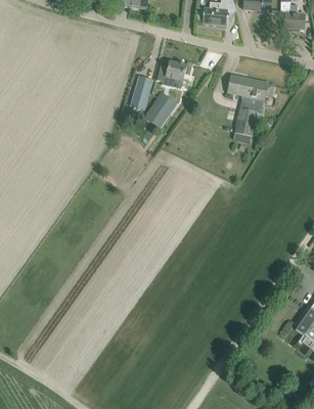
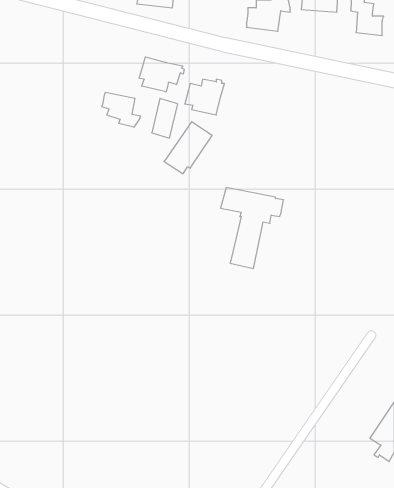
building: none -> [139,57,184,92]
building: none -> [102,92,141,127]
building: [227,75,274,135] -> [221,188,284,269]

